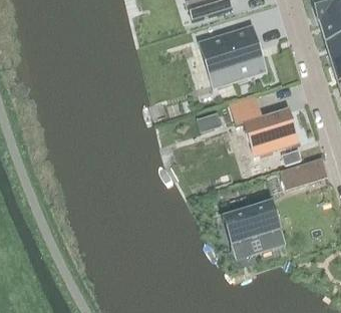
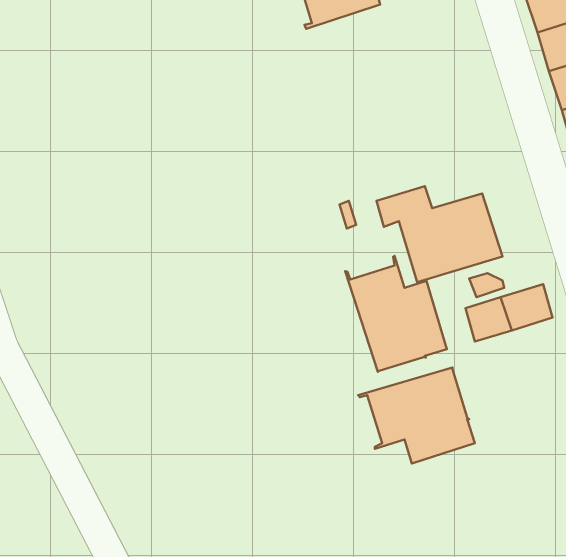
building: [197,25,266,82] -> none
building: none -> [345,256,447,372]

